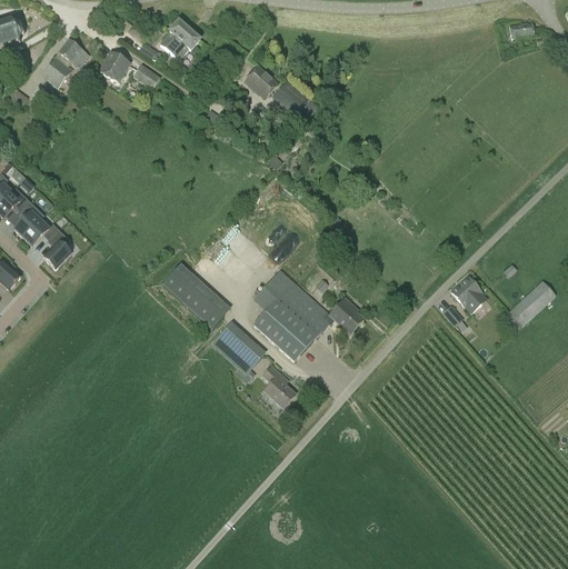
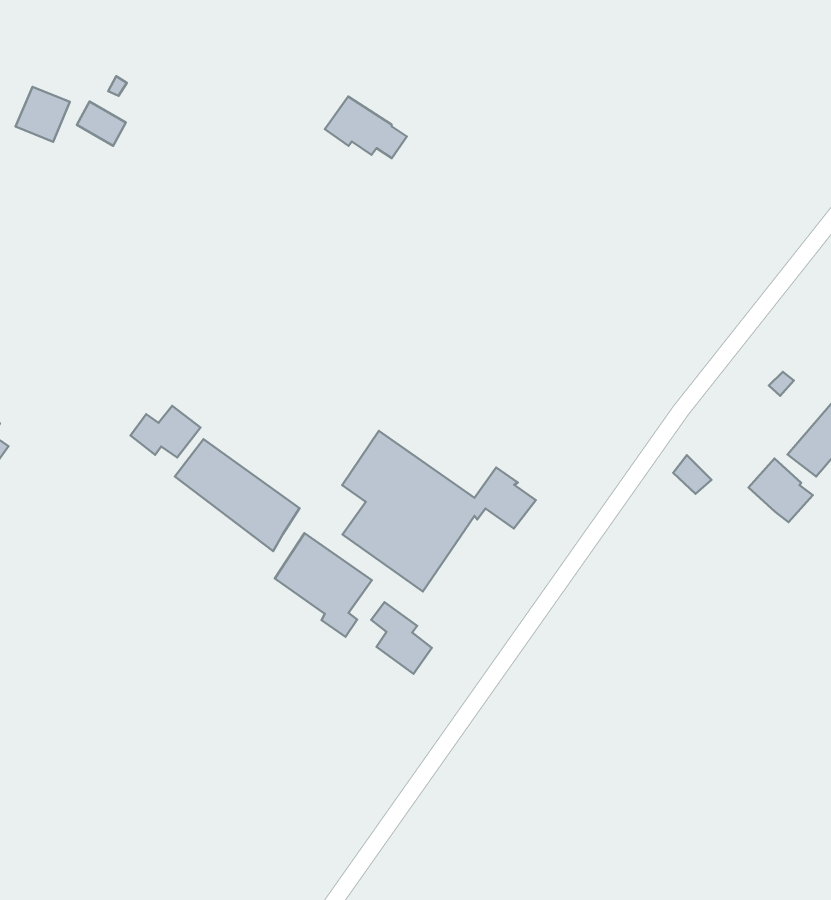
building: [159,20,200,60] -> none
building: [245,66,278,99] -> none
building: none -> [130,406,200,458]
building: [451,277,487,313] -> [748,459,813,522]

